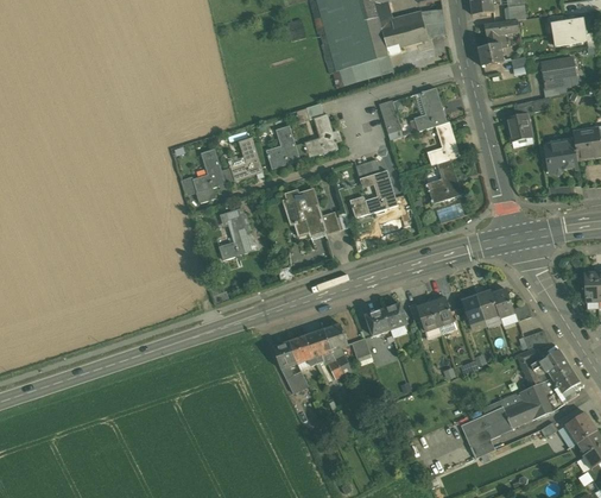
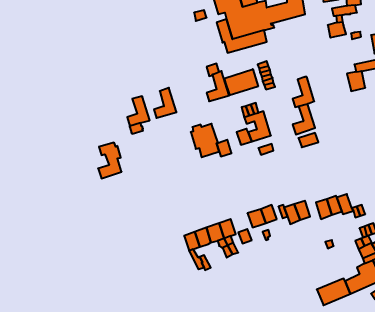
building: [413,87,445,131] -> none
building: none -> [225,69,258,95]
building: [268,126,299,168] -> none
building: [217,208,251,259] -> [98,143,122,178]

